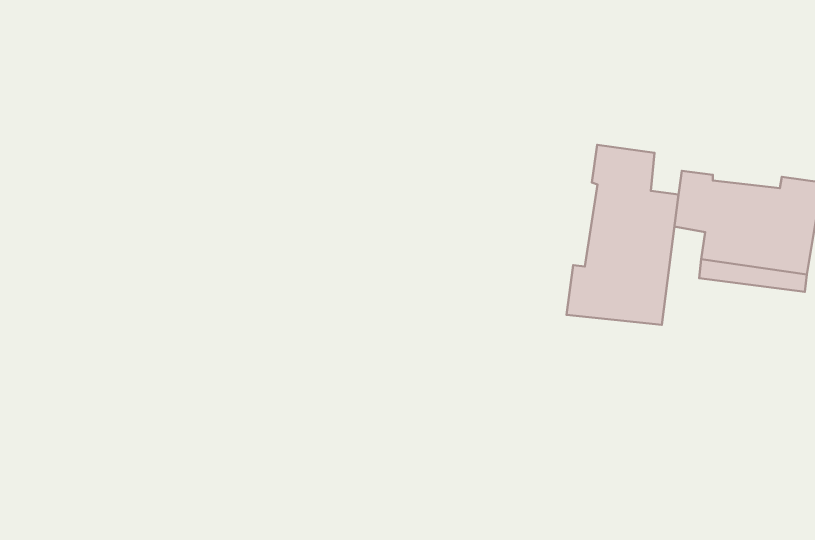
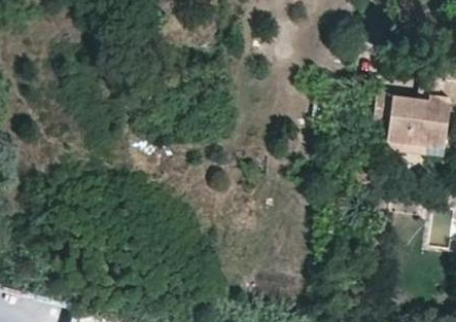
building: [567,145,678,325] -> none

